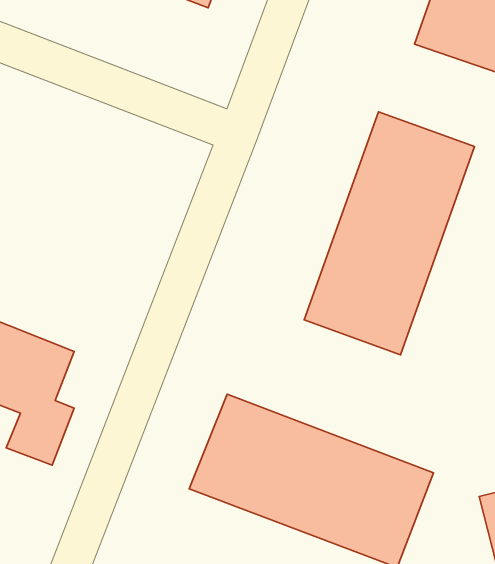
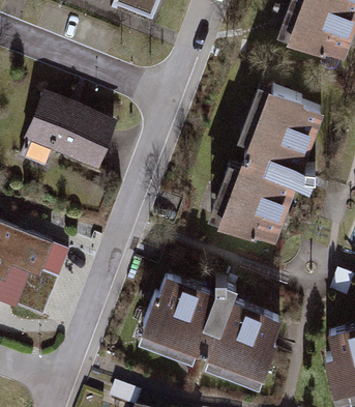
building: none -> [25,88,121,166]

